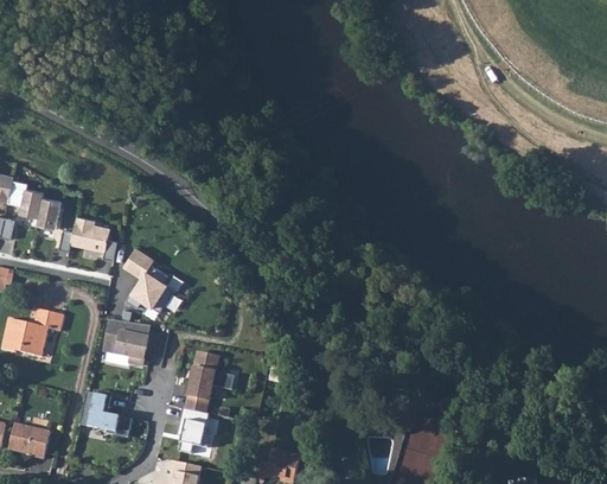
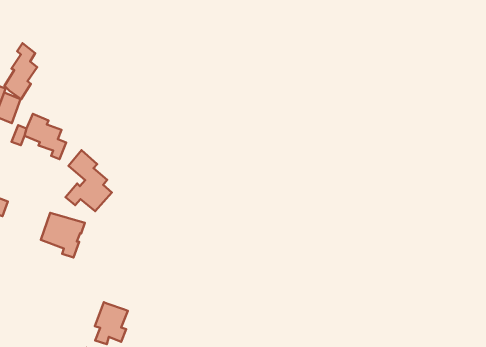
building: none -> [4,43,37,99]
building: [186,352,228,413] -> none
building: [79,390,132,437] -> none

